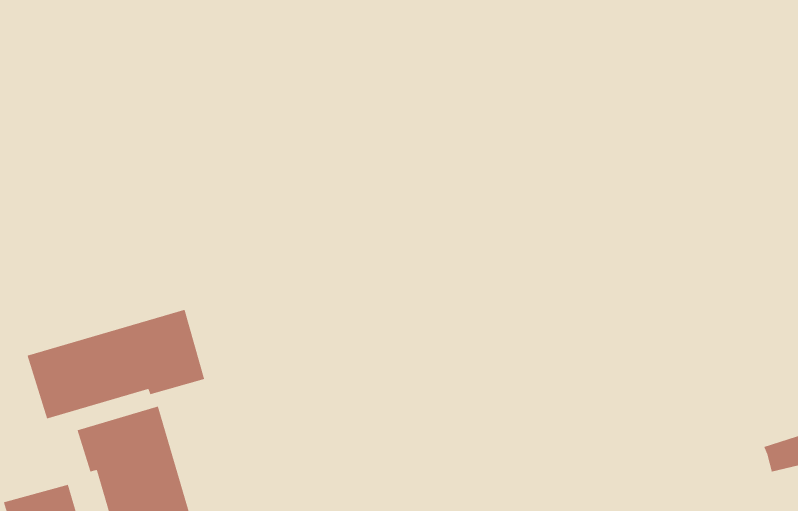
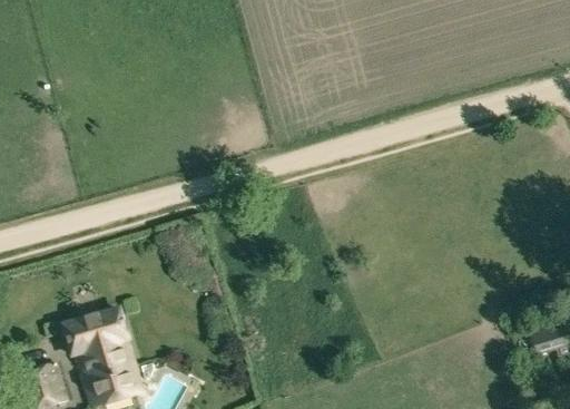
building: [26,309,205,420] -> none

